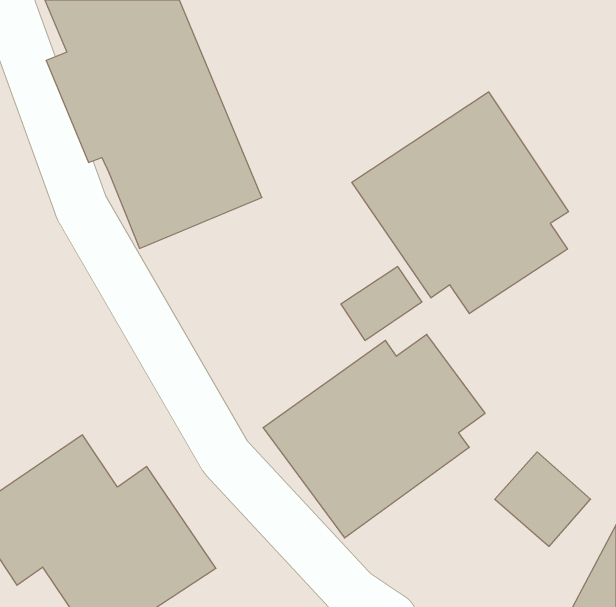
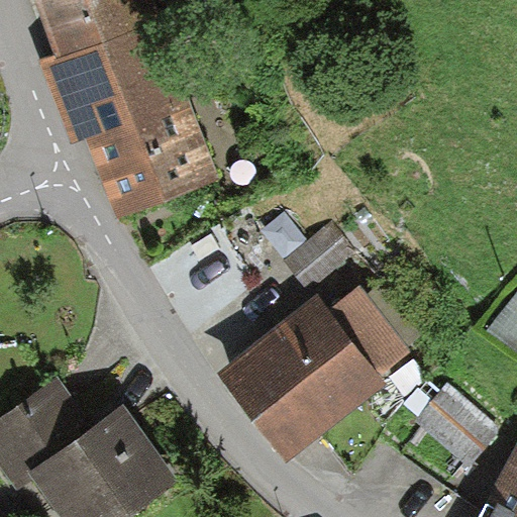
building: [352,92,569,314] -> none

